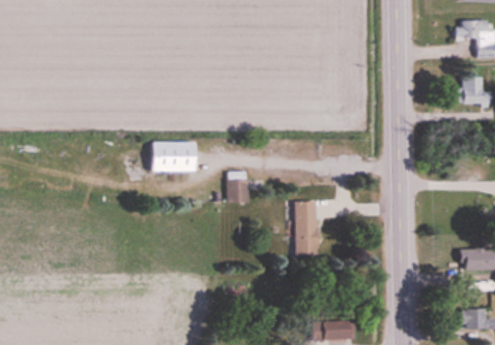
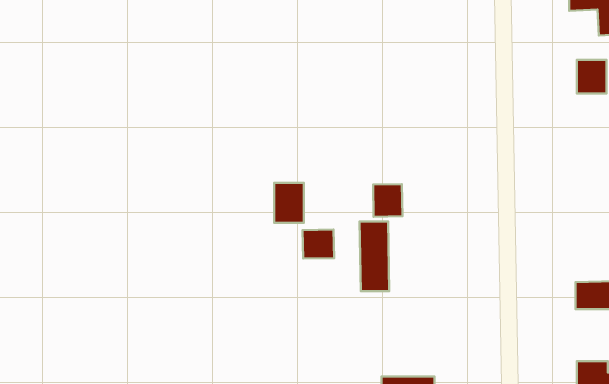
building: [149,142,192,172] -> none
building: none -> [373,184,403,217]
building: none -> [302,230,334,259]

